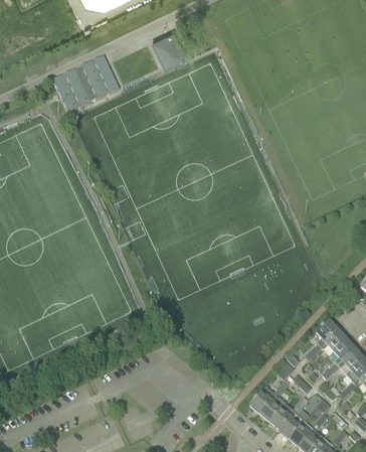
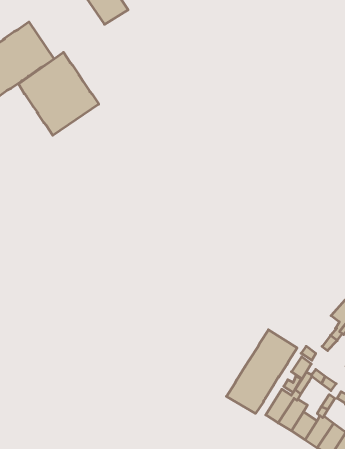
building: none -> [18,52,99,135]
building: none -> [226,330,297,413]

